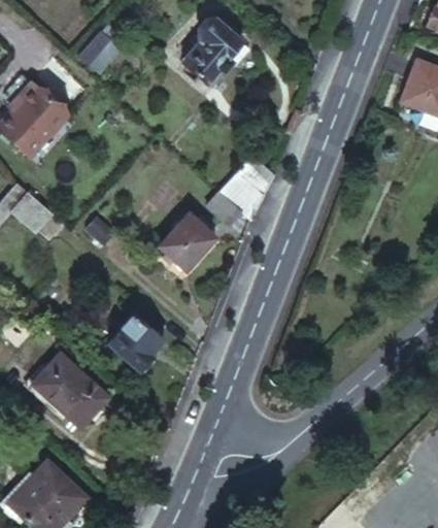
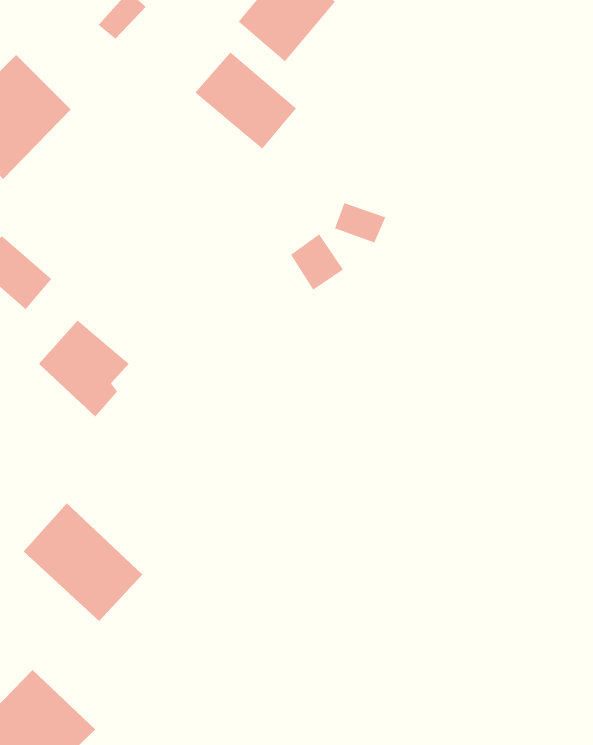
building: none -> [194,51,297,150]
building: [160,211,214,267] -> none
building: [104,312,162,374] -> [38,320,130,418]

